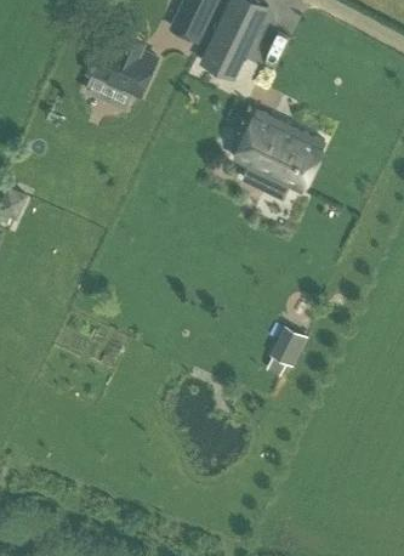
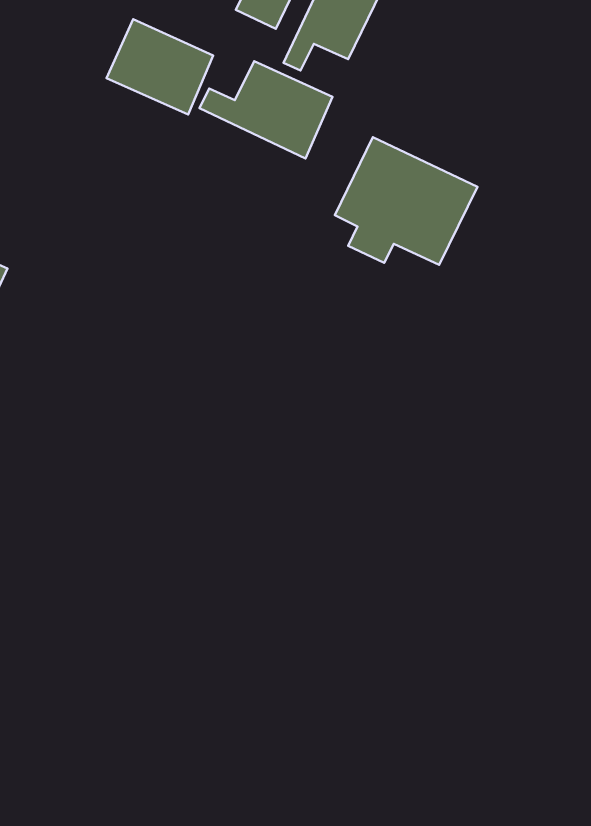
building: none -> [199,61,332,158]
building: [271,328,306,365] -> none

